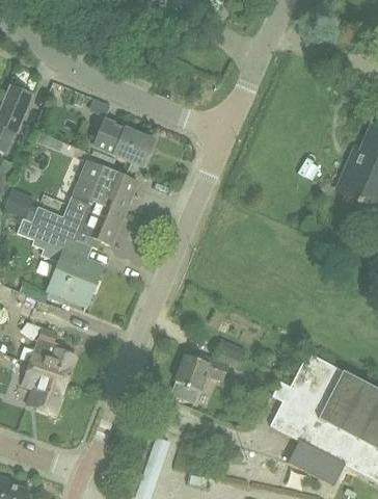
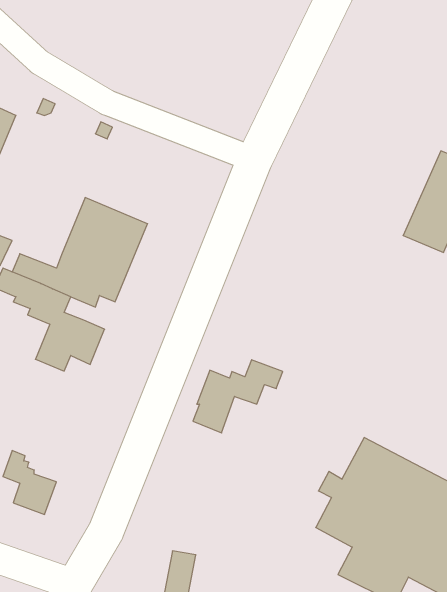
building: [93,121,154,166] -> none
building: [29,326,76,388] -> none
building: [171,345,243,403] -> [193,360,283,433]

